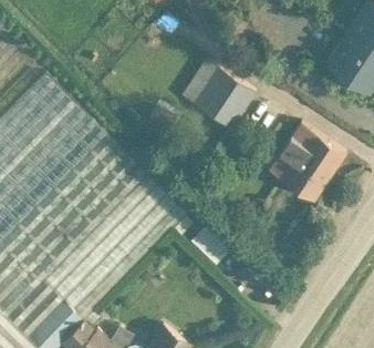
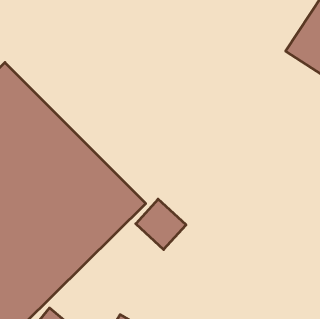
building: [178,61,254,131] -> none
building: [268,124,343,199] -> none

